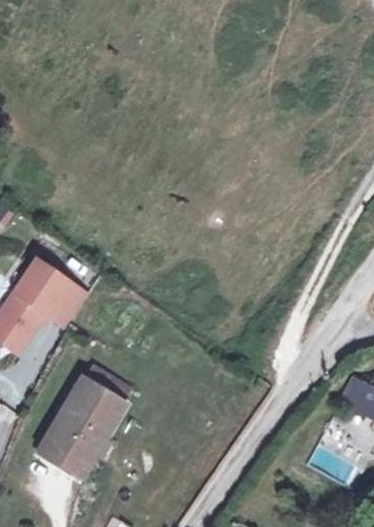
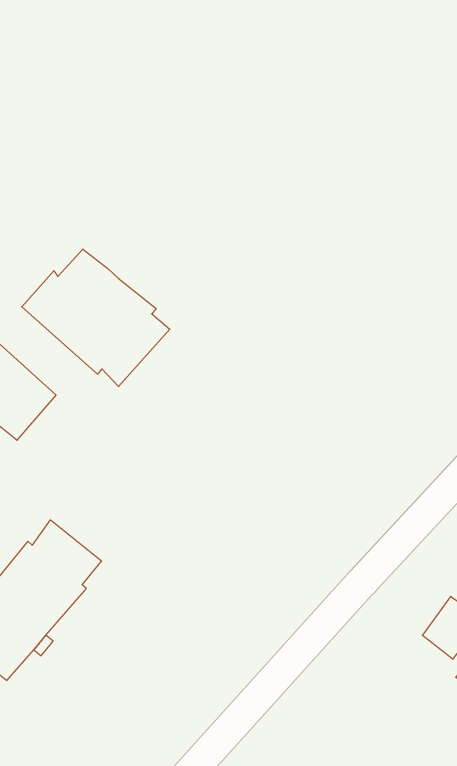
building: none -> [22,249,170,387]

